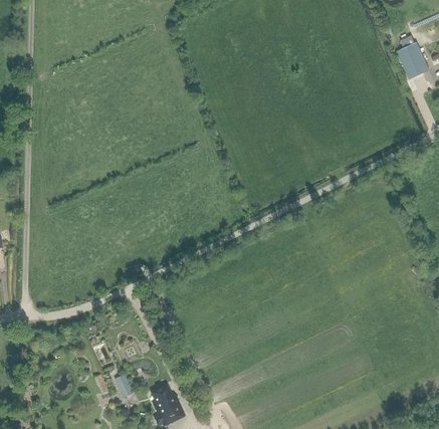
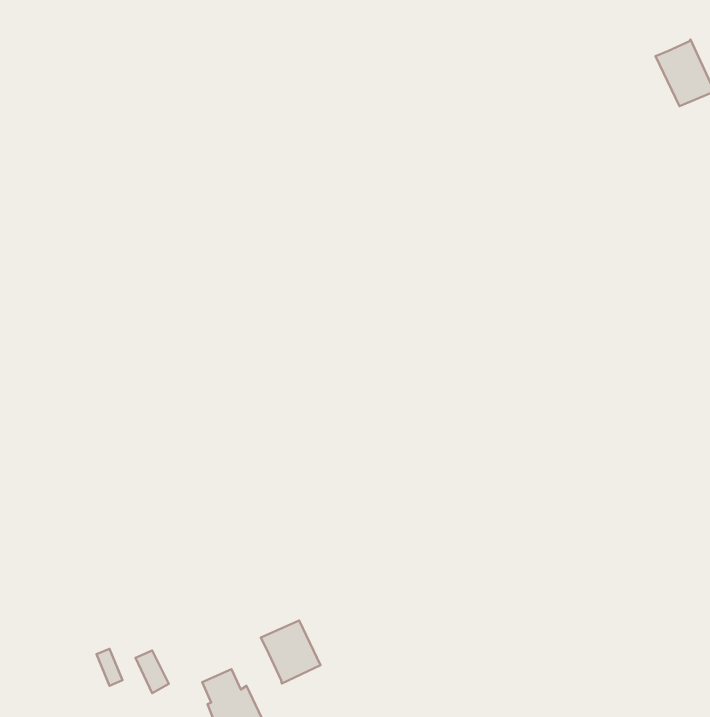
building: none -> [261,621,321,683]

